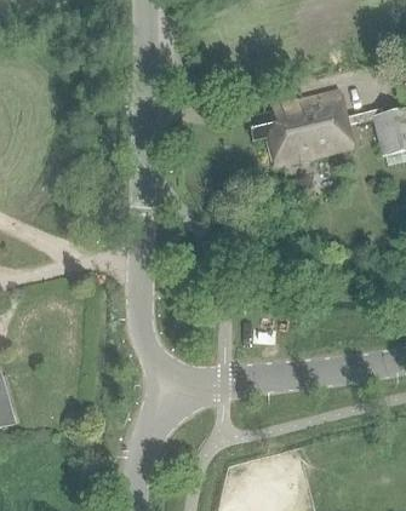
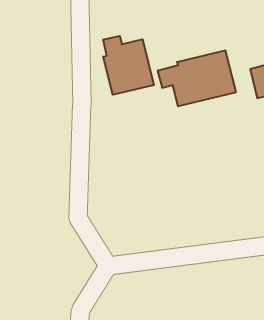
building: none -> [103,36,154,95]

